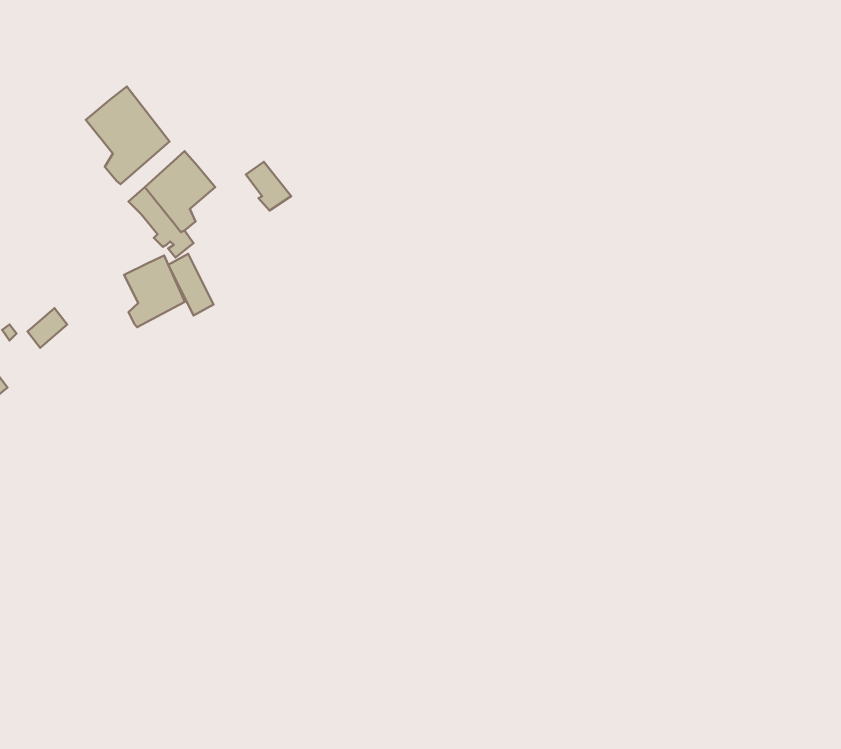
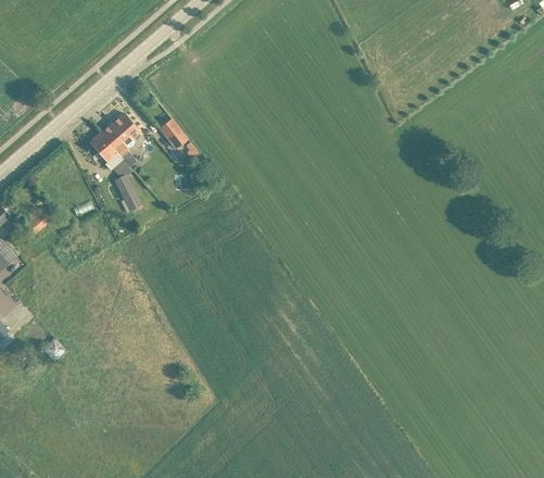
building: [86,86,170,184] -> none
building: [124,255,185,327] -> none

